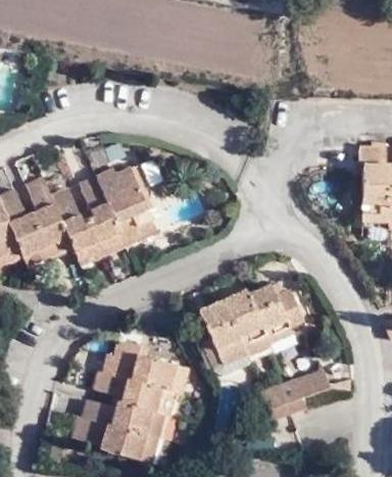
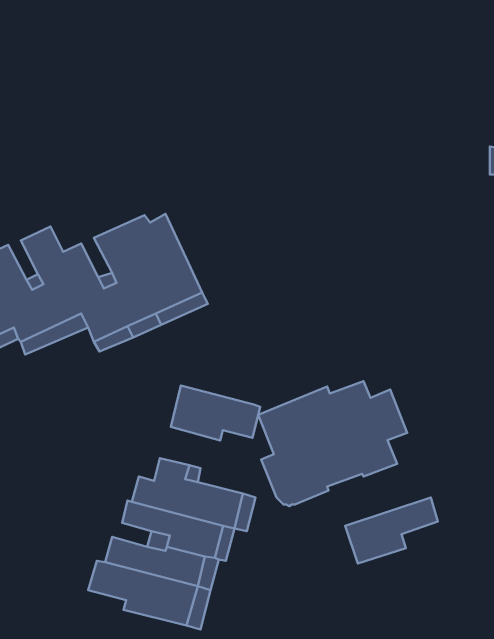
building: none -> [171,385,260,441]

